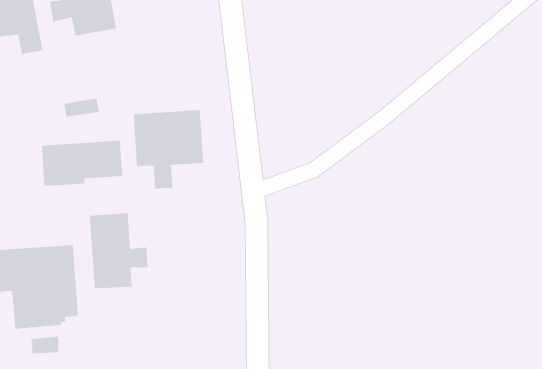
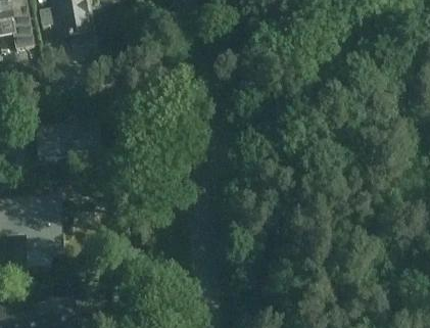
building: [133,109,204,189] -> none
building: [89,213,149,289] -> none

